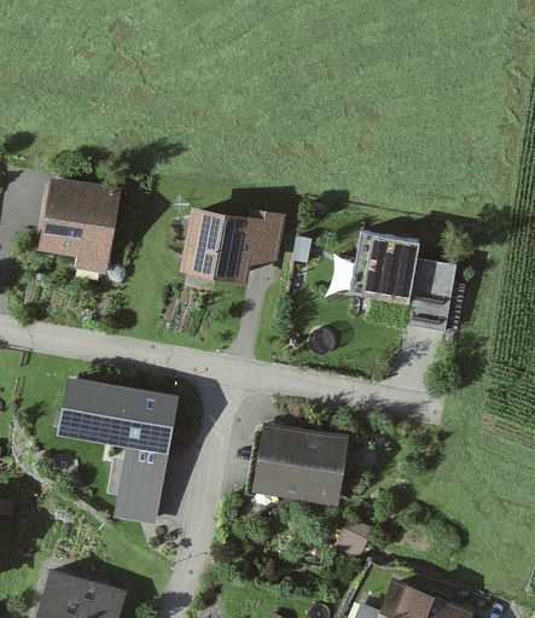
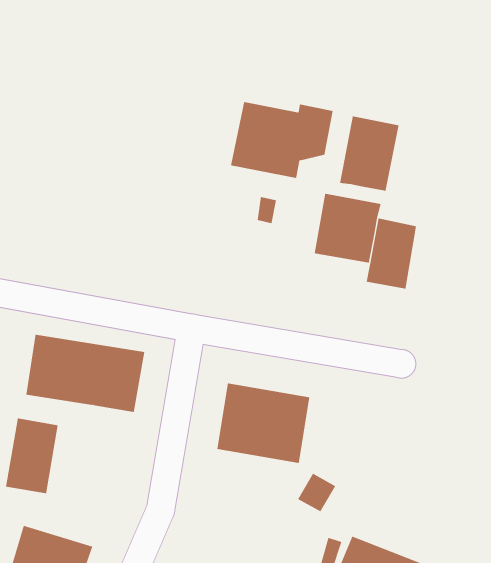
building: none -> [340,115,399,191]
building: [40,181,117,272] -> none
building: [178,205,283,284] -> [230,101,334,179]
building: [114,448,168,525] -> [5,418,59,494]

